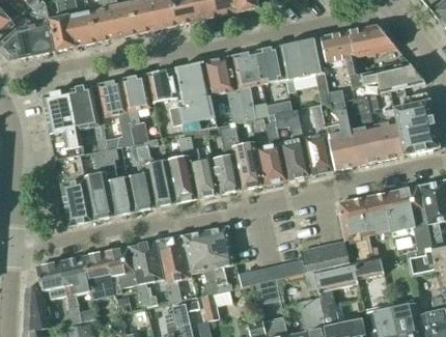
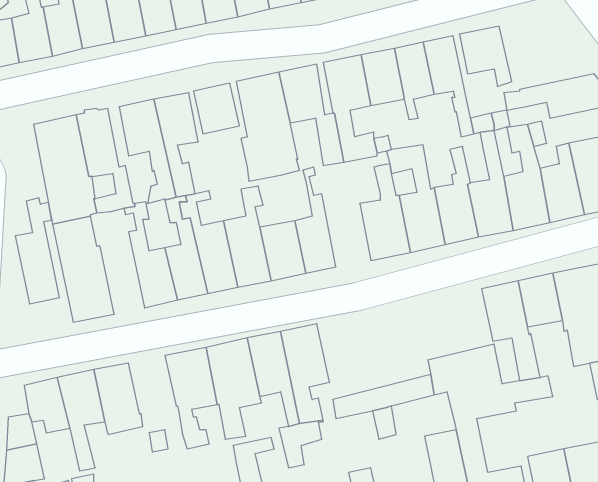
building: [347,25,397,67] -> none
building: [223,123,263,189] -> none
building: [86,150,115,220] -> [15,198,60,304]
building: [105,247,138,293] -> none

